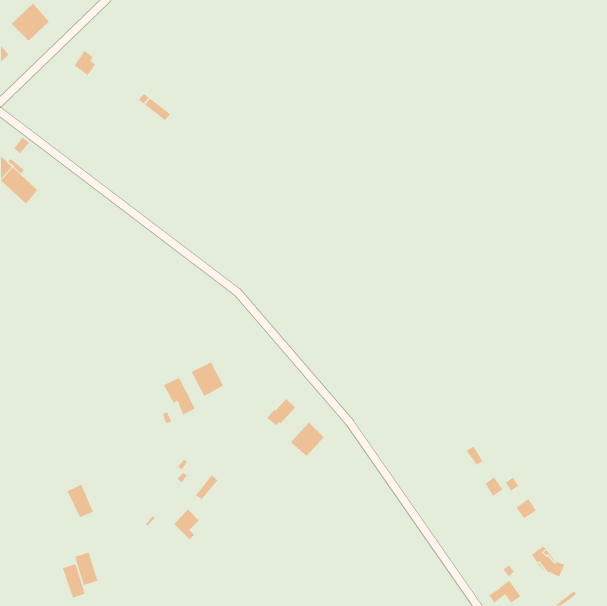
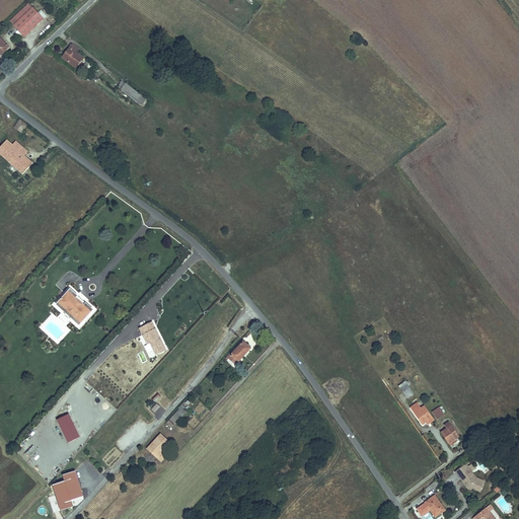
building: none -> [55,288,91,323]
building: [191,362,224,397] -> none
building: [290,422,324,457] -> none

